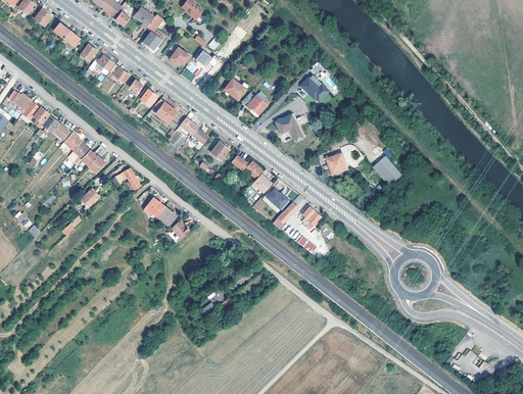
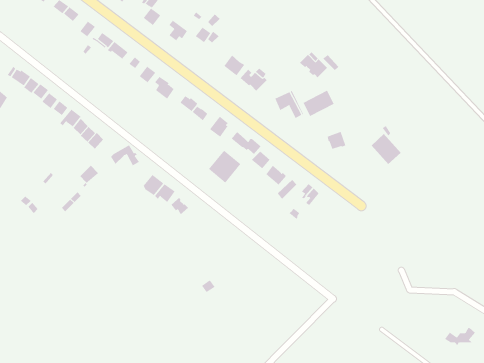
building: none -> [303,90,334,117]
building: none -> [208,150,241,184]

